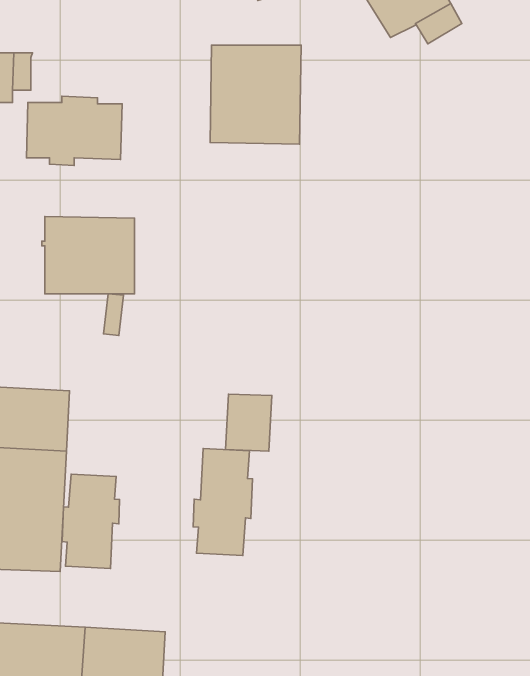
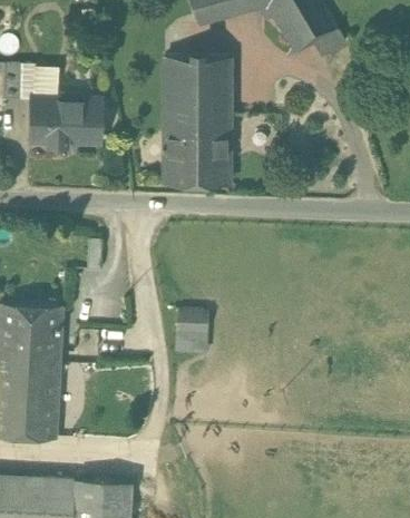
building: none -> [22,68,59,100]
building: [42,217,134,294] -> [163,129,230,185]
building: [193,448,253,556] -> none
building: [62,474,119,568] -> none

